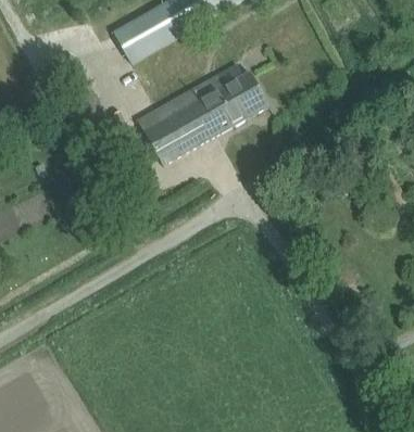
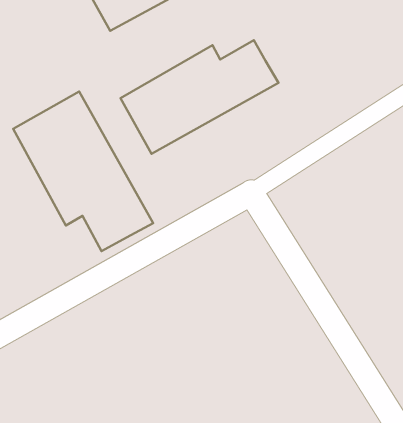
building: none -> [13,92,153,251]

